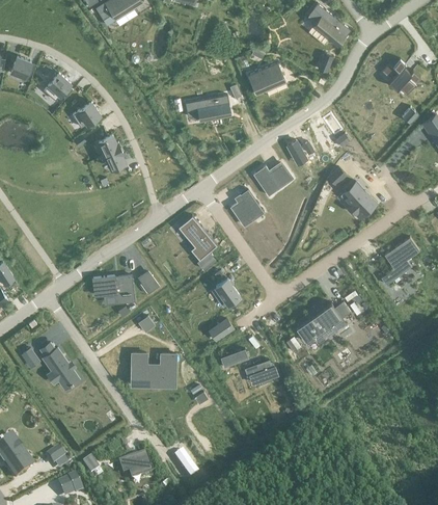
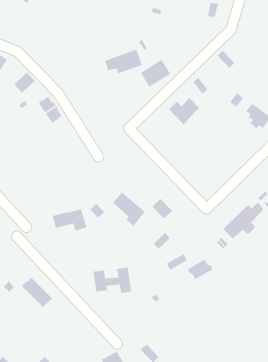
building: [248,62,285,95] -> [140,59,171,88]
building: [231,189,265,224] -> none
building: [179,215,217,260] -> [112,192,146,227]

